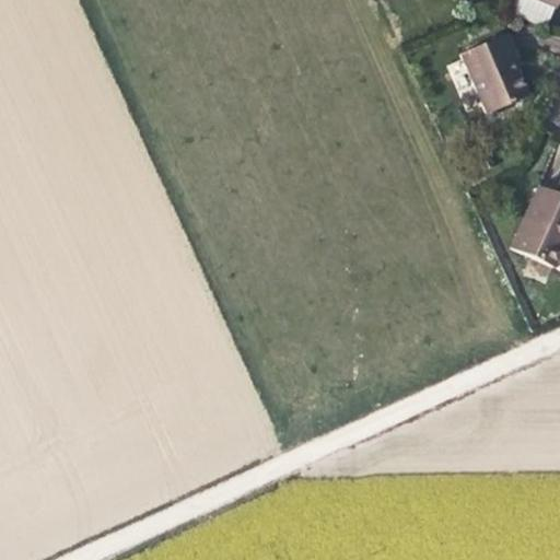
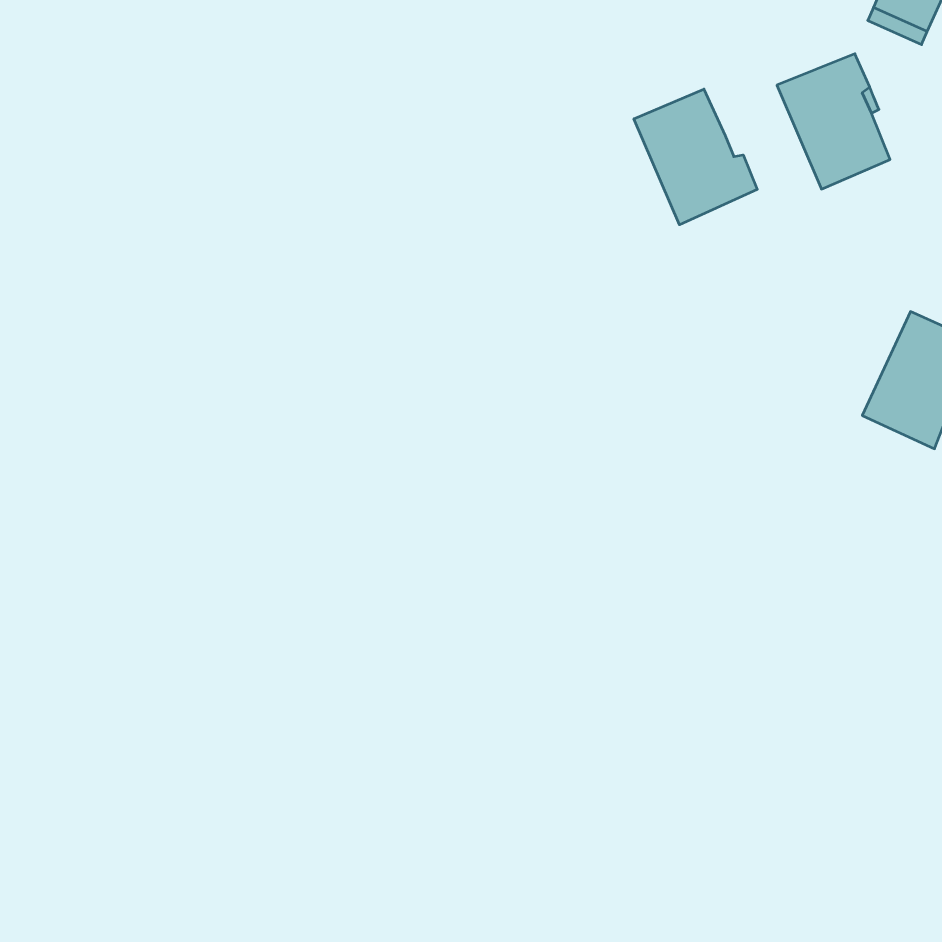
building: none -> [634,89,757,225]

